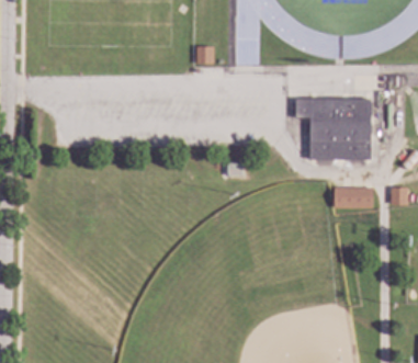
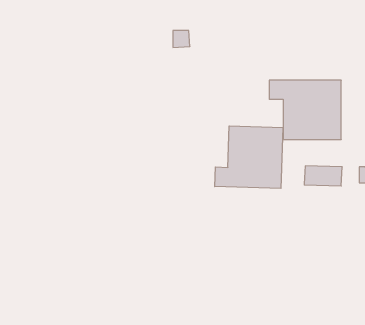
building: none -> [215,126,283,188]

